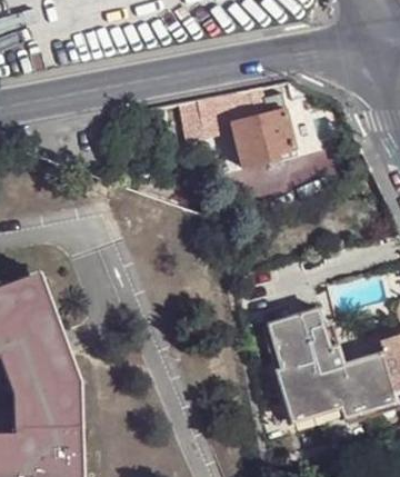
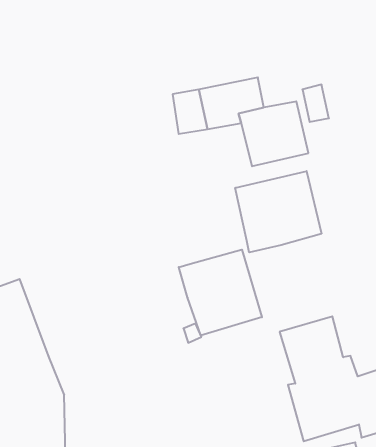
building: none -> [235,171,321,252]
building: none -> [179,250,262,335]

